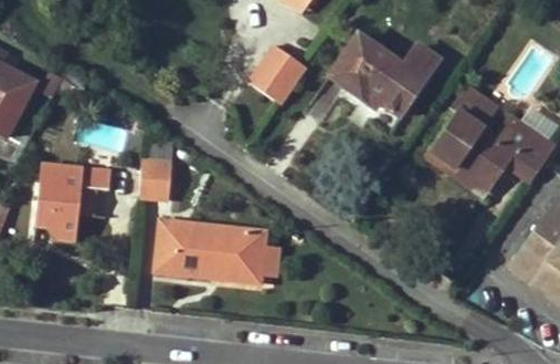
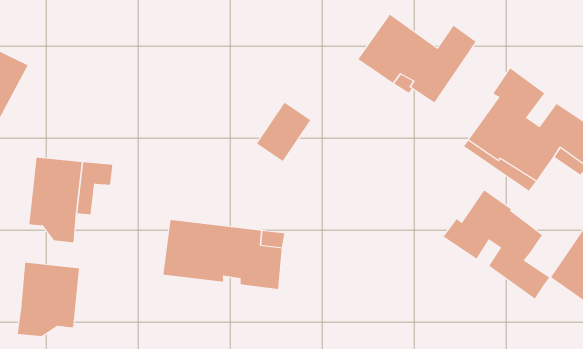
building: [257,54,307,108] -> [256,102,311,162]
building: [139,163,171,200] -> none
building: none -> [443,189,550,300]
building: none -> [17,262,80,337]

